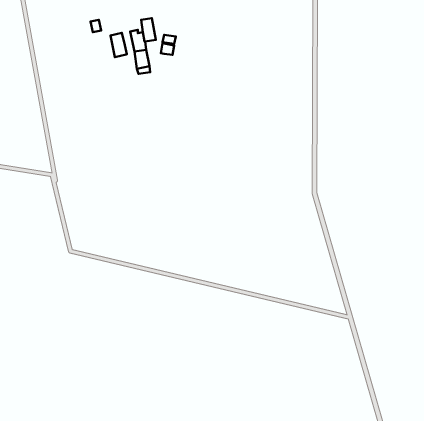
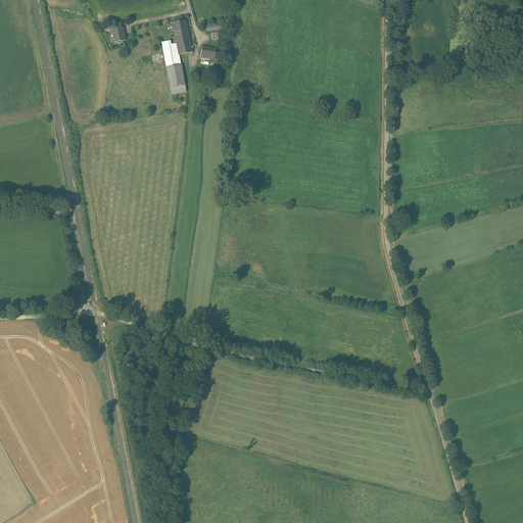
building: [111,33,127,57] -> none

